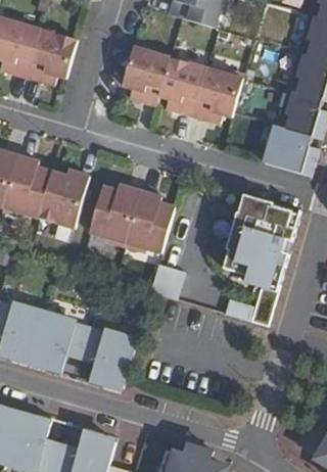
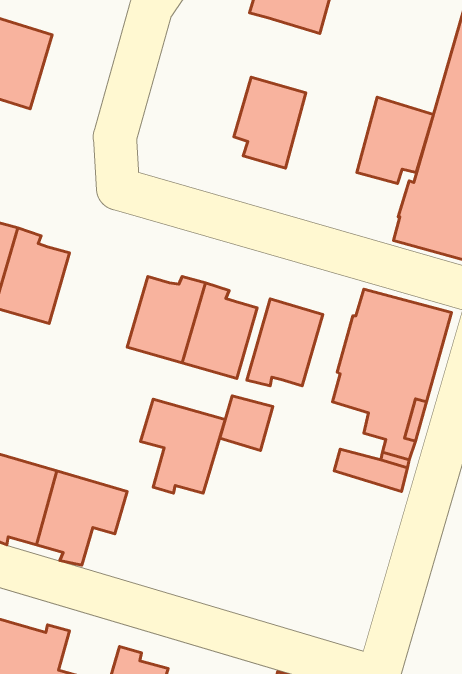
building: [26,29,77,84] -> none
building: [122,46,170,104] -> none
building: [192,66,242,123] -> [357,97,433,183]
building: [38,171,89,227] -> none
building: none -> [247,299,323,386]
building: [81,326,136,387] -> [141,399,225,493]

